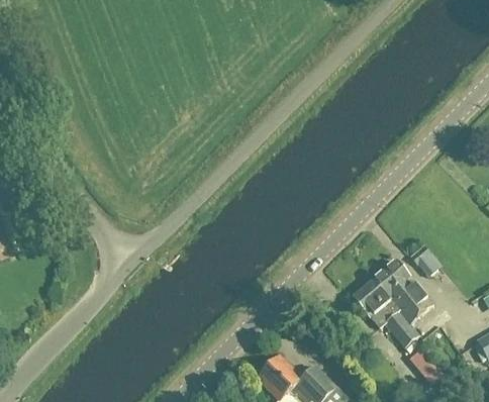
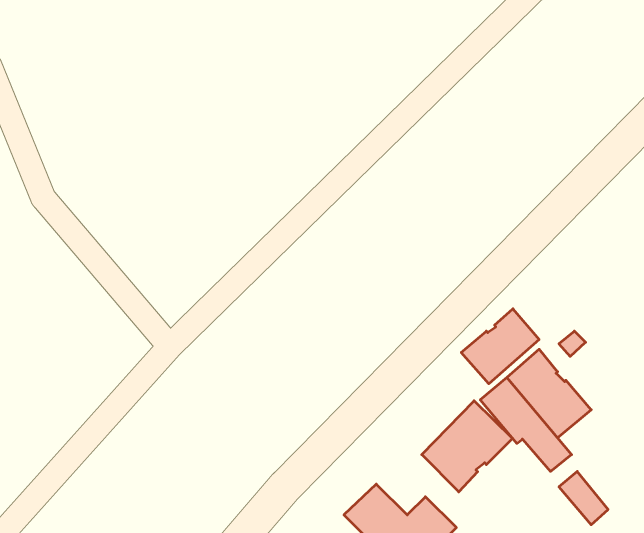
building: none -> [461,309,539,384]
building: none -> [422,401,513,492]

